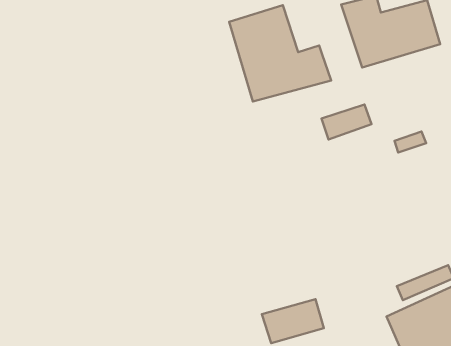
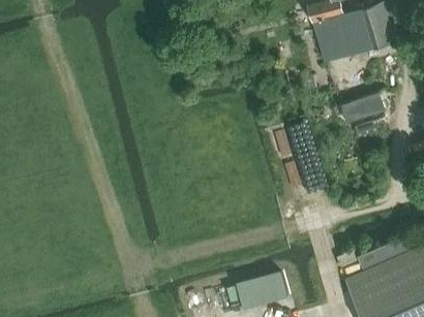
building: [229,5,331,101] -> none
building: [322,104,372,139] -> [340,94,385,125]

